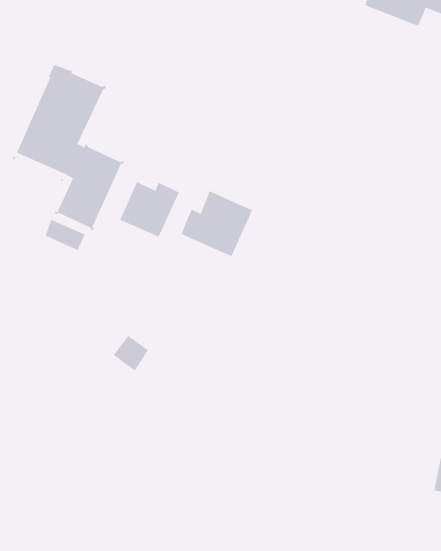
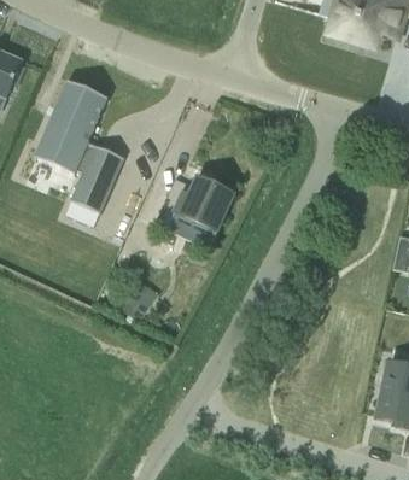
building: [119,181,180,238] -> none

